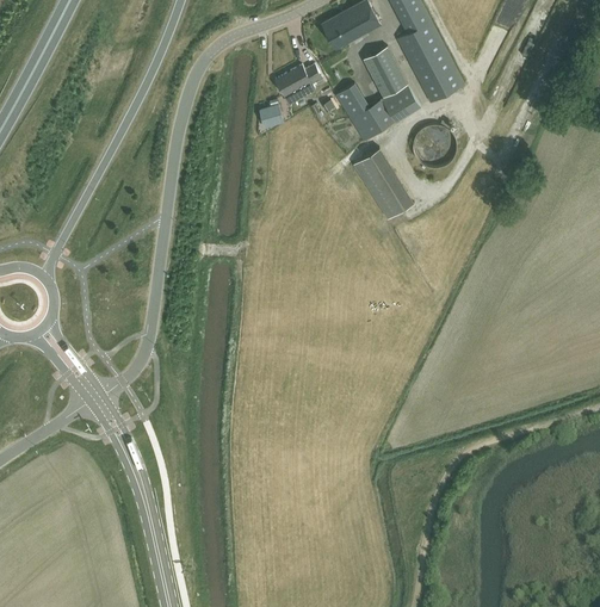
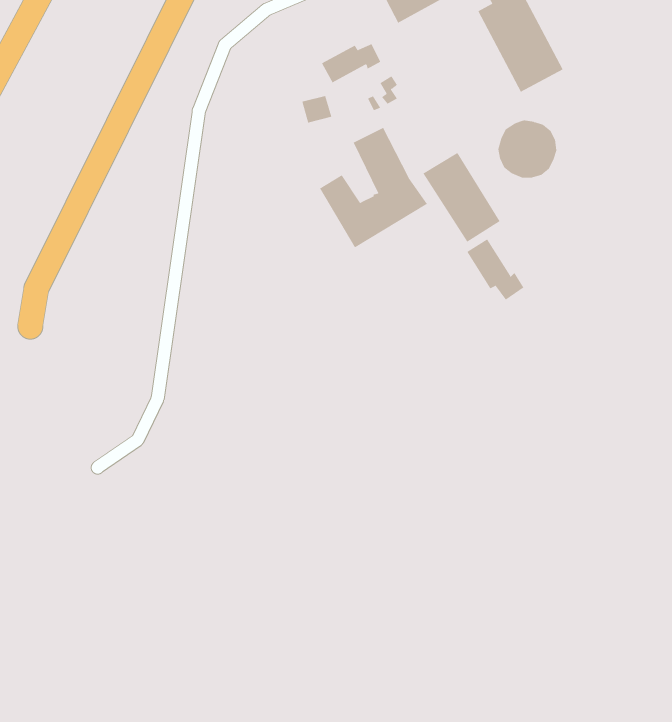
building: [336,47,421,141] -> [319,127,428,248]
building: none -> [467,238,524,300]

